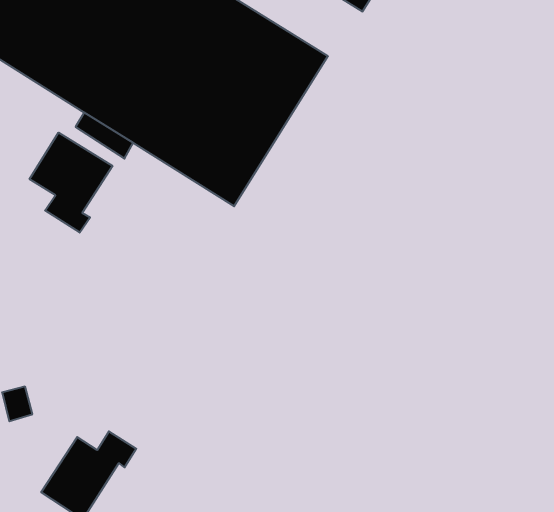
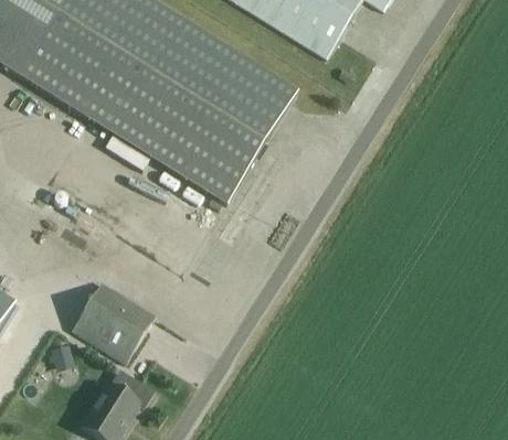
building: [30,133,112,233] -> none
building: none -> [71,280,156,363]

